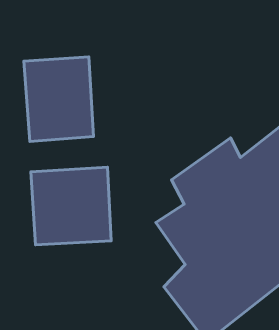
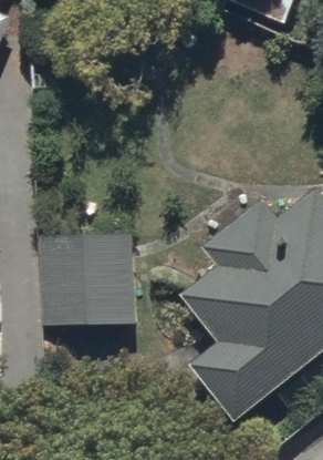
building: [24,57,94,141] -> none

